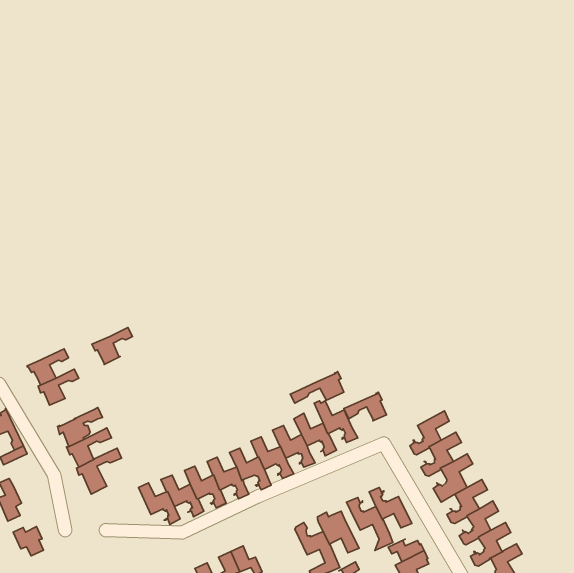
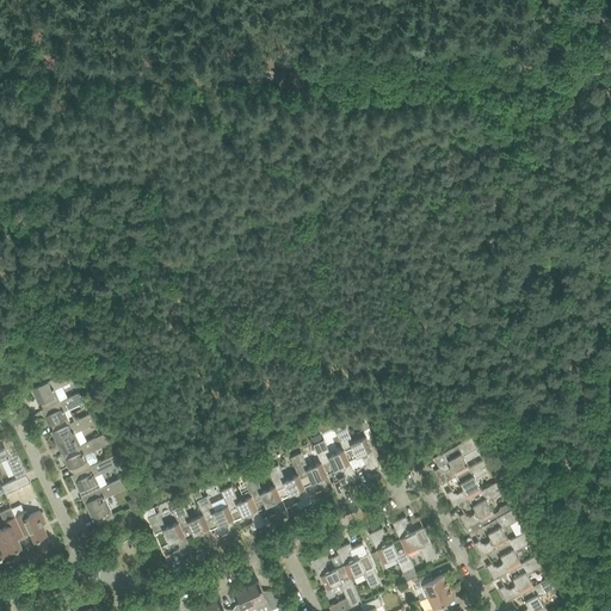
building: [92,327,132,364] -> [50,415,93,455]
building: [290,372,344,403] -> none
building: [344,392,387,421] -> none
building: [13,526,43,556] -> [14,512,47,543]

